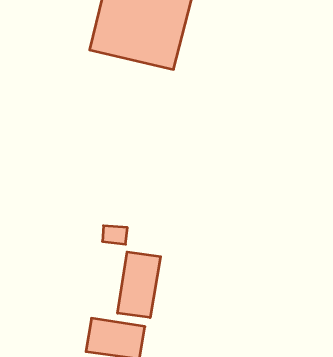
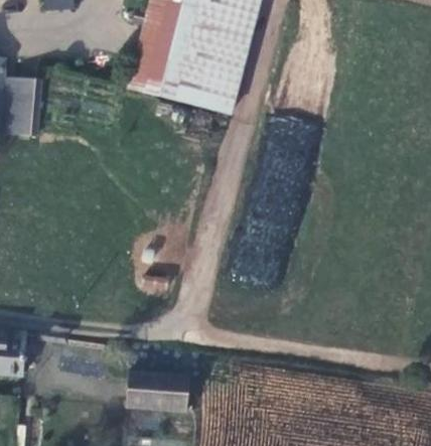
building: [118,252,161,318] -> none

